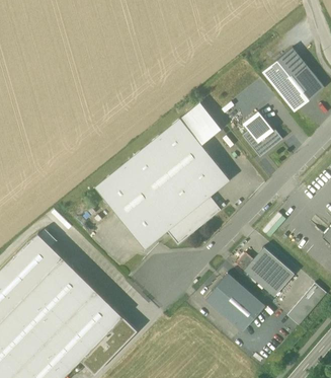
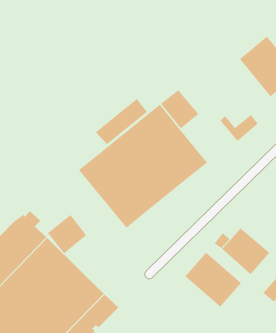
building: [242,114,273,144] -> none
building: [166,197,221,245] -> [95,98,148,145]
building: none -> [47,214,87,254]

